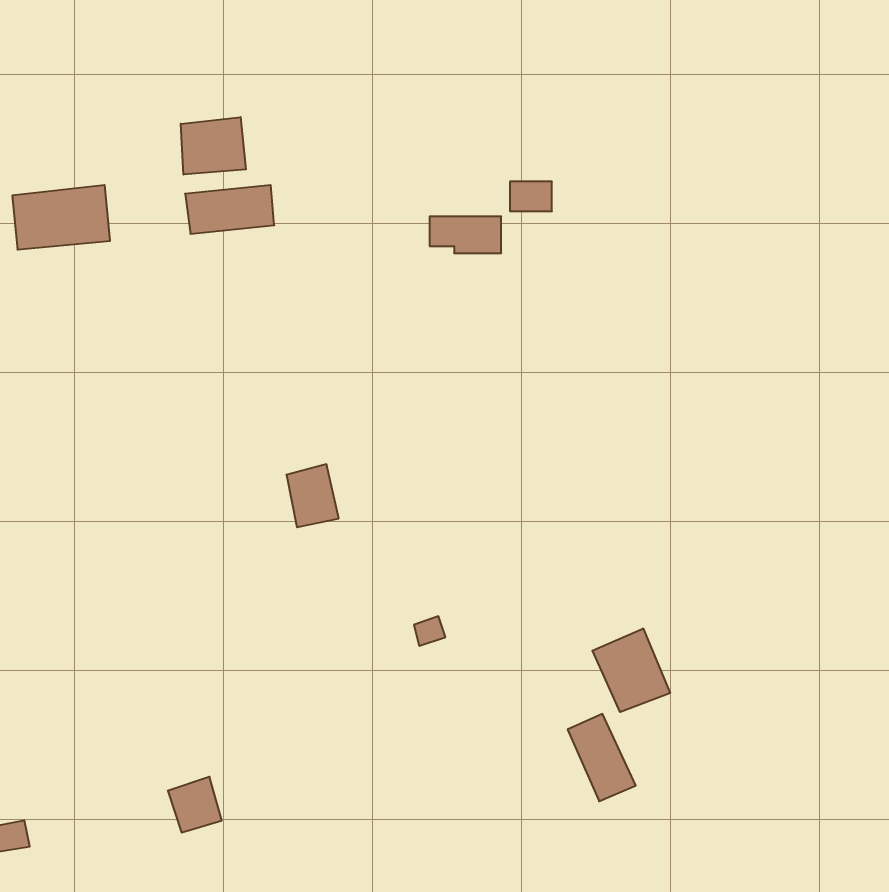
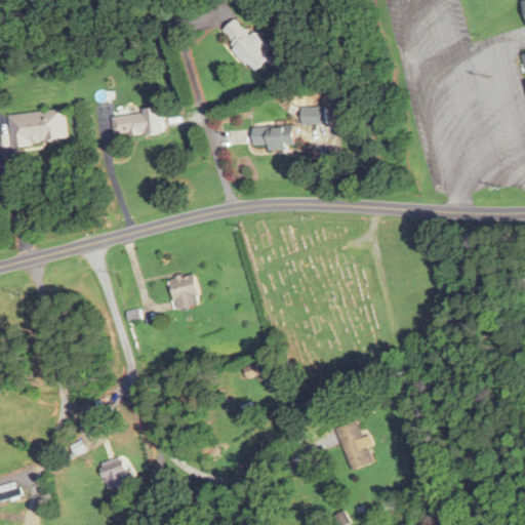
building: none -> [218,18,270,73]
building: [181,117,246,175] -> none
building: [592,628,670,712] -> none

